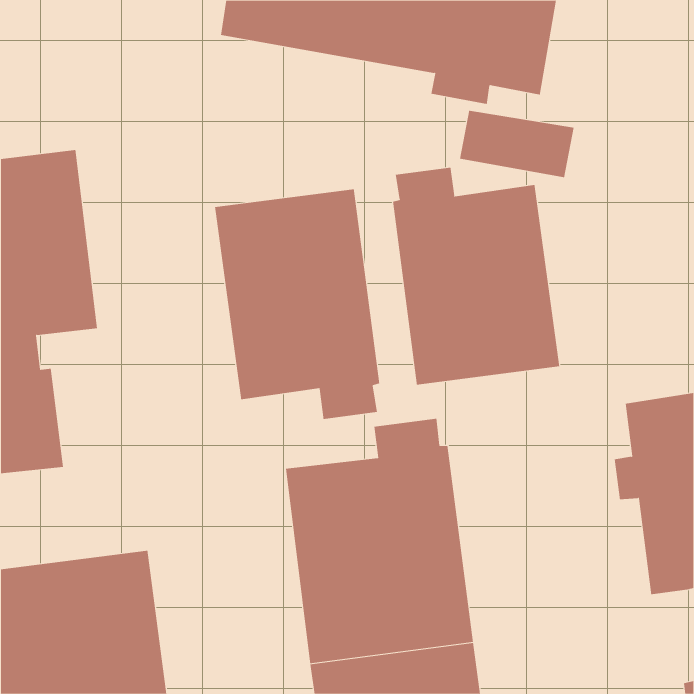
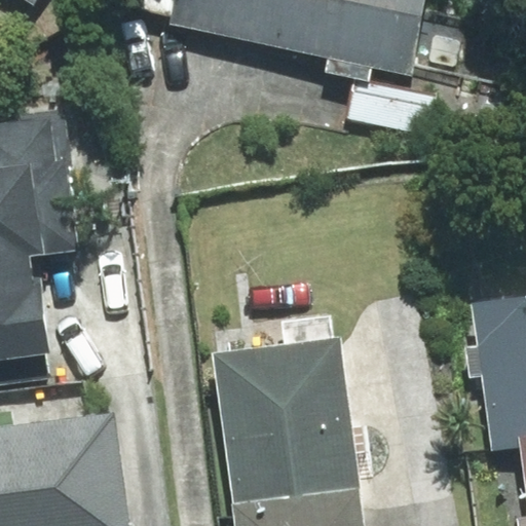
building: [392,167,560,385] -> none
building: [214,188,380,420] -> none

